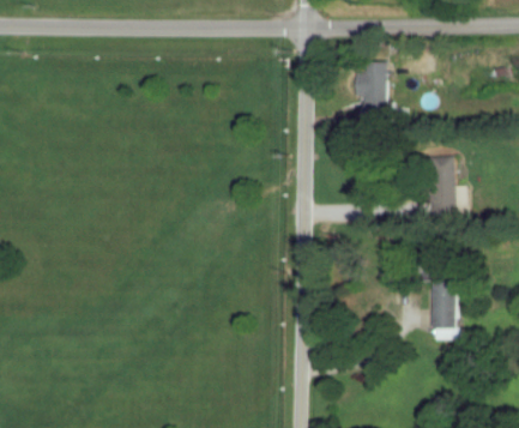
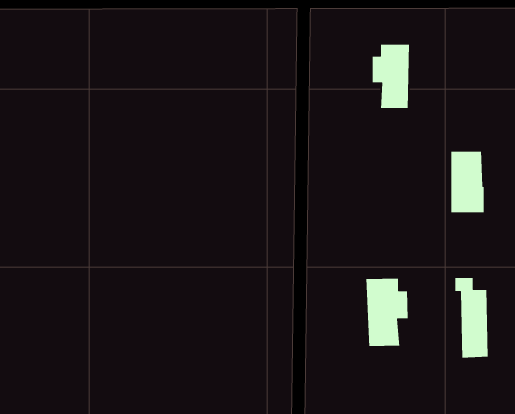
building: none -> [366,278,409,347]

